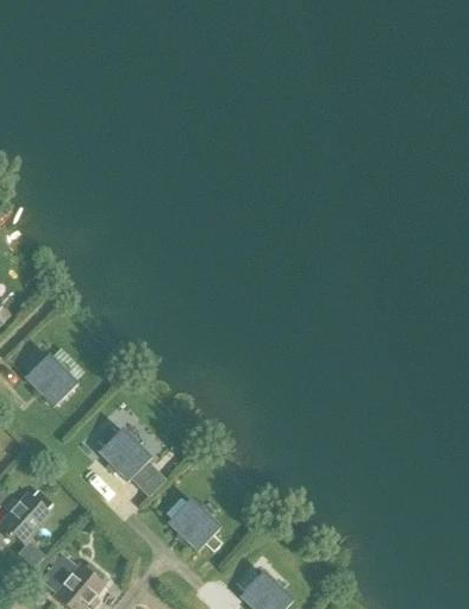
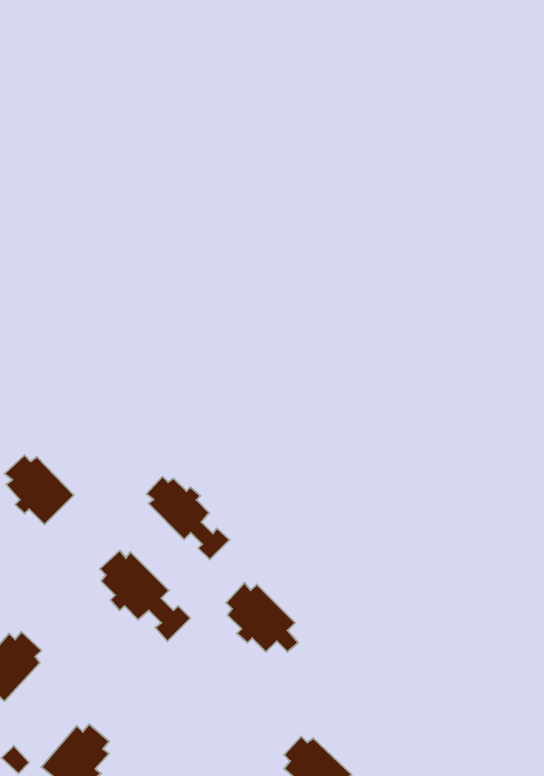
building: none -> [147,477,230,560]
building: [165,497,221,551] -> [226,583,298,652]

